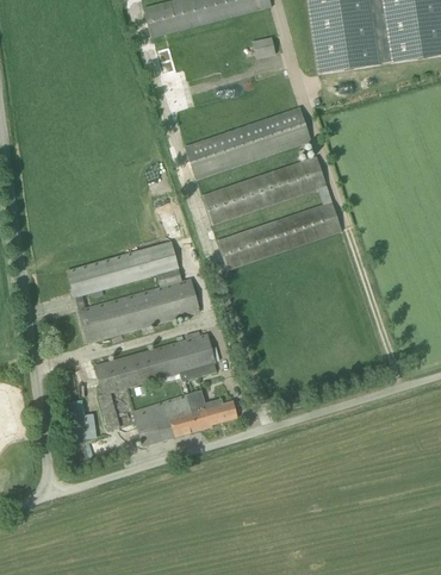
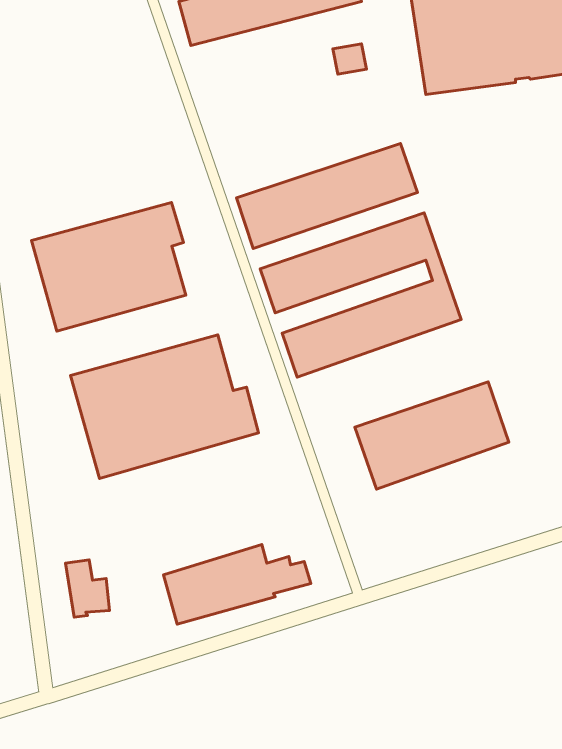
building: none -> [32,203,186,331]
building: none -> [355,382,509,489]
building: [93,331,216,430] -> none

